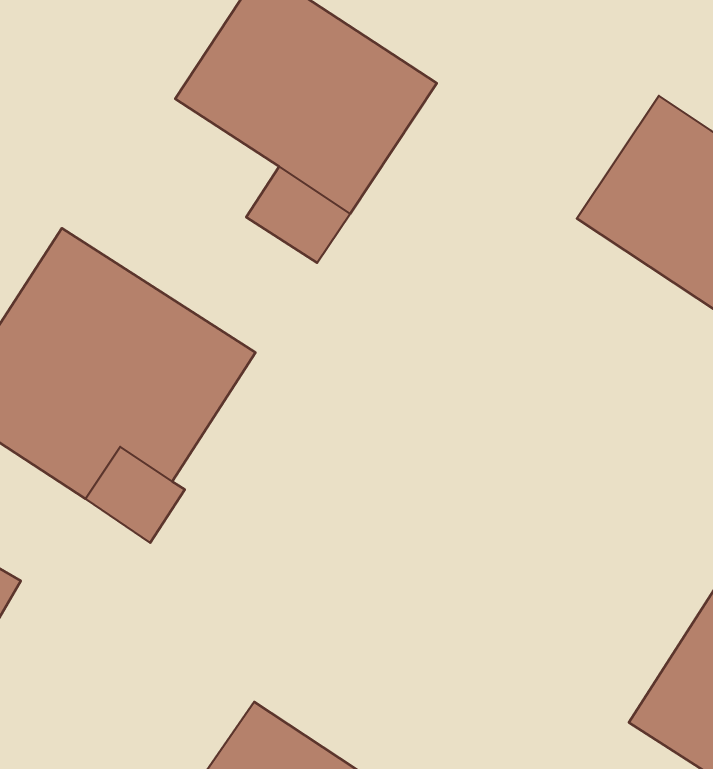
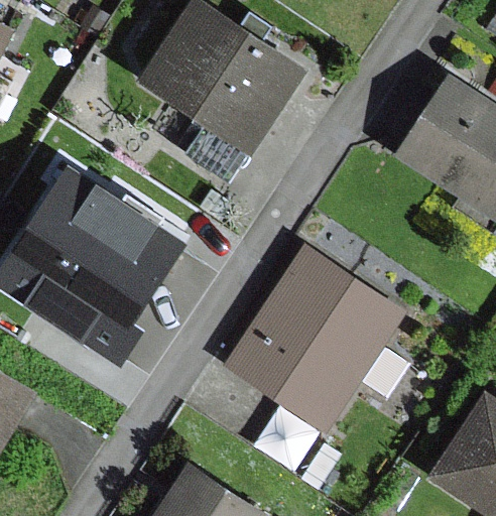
building: none -> [223,245,404,432]

